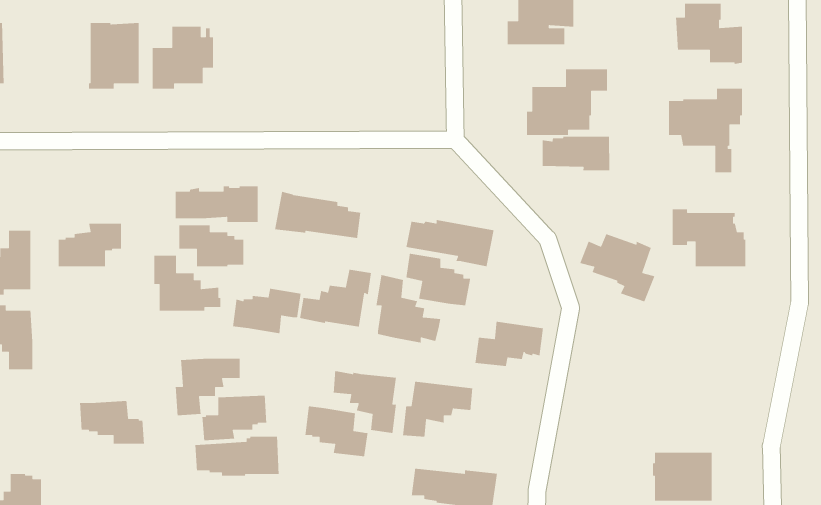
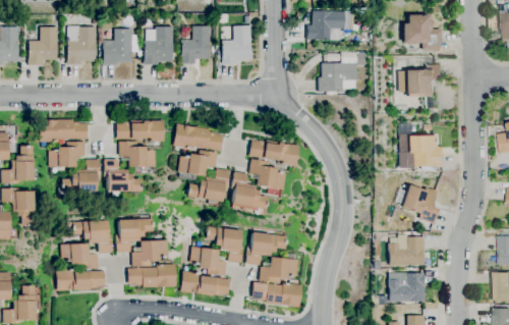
building: none -> [222,25,250,65]
building: none -> [143,26,176,65]
building: none -> [180,26,209,64]
building: none -> [27,28,57,65]
building: [542,136,610,171] -> none
building: none -> [40,119,88,142]
building: [579,233,655,303] -> [396,184,440,224]
building: none -> [62,160,100,193]
building: [232,288,301,334] -> [178,150,218,176]
building: [475,321,544,367] -> [259,257,298,283]
building: none -> [73,221,112,254]
building: none -> [390,235,425,265]
building: none -> [57,269,105,290]
building: none -> [180,270,230,296]

